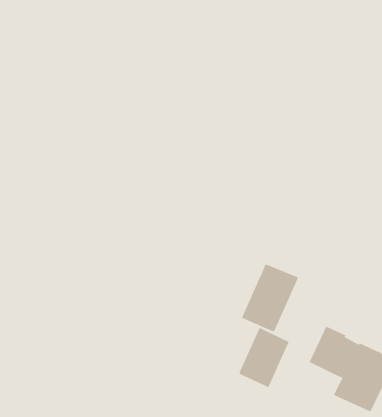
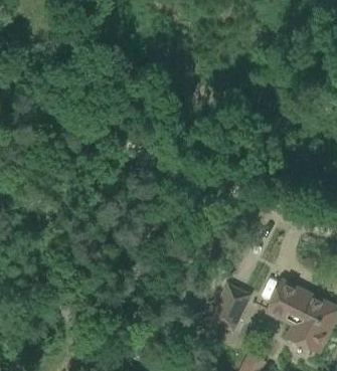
building: [241,263,299,332] -> none

